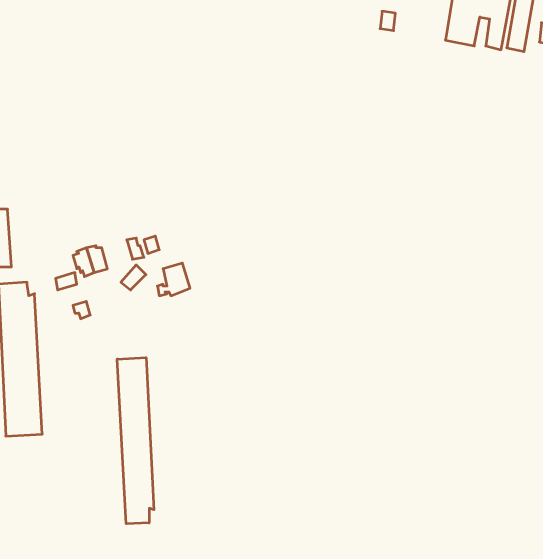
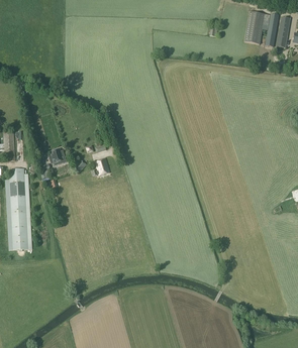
building: [117,358,154,524] -> none

